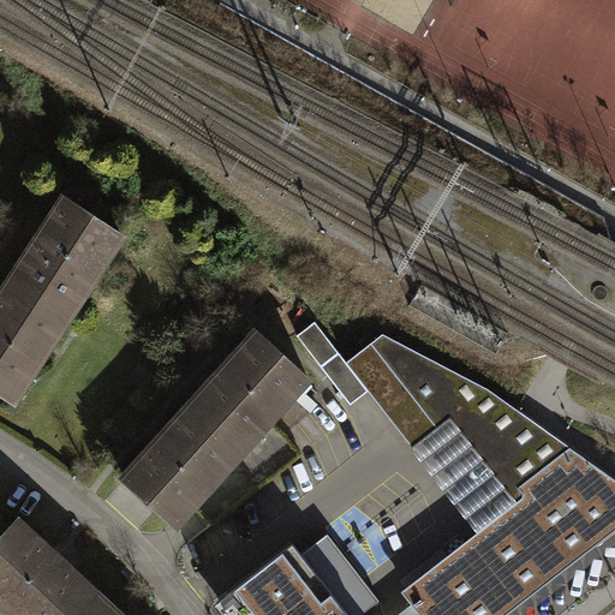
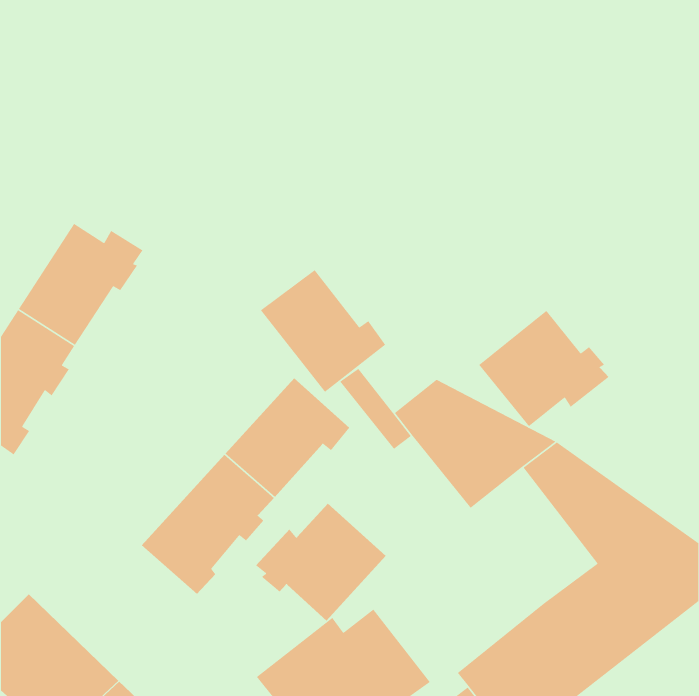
building: none -> [260,269,386,393]
building: none -> [478,310,609,427]
building: [413,413,524,532] -> none
building: none -> [255,503,386,621]

